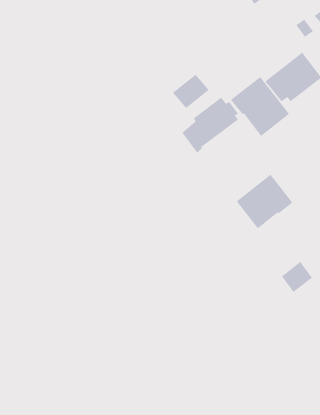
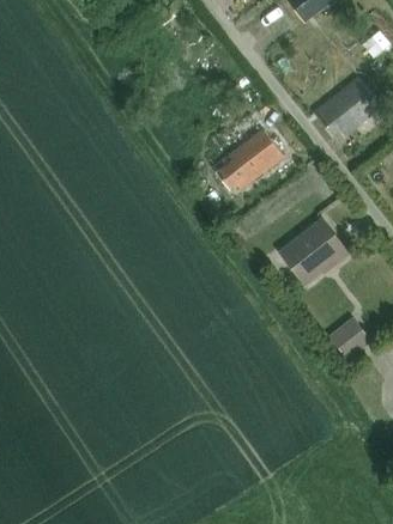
building: [172,74,210,109] -> none
building: [230,76,290,137] -> none

